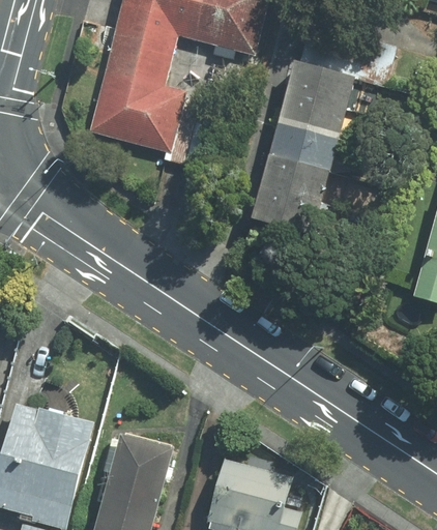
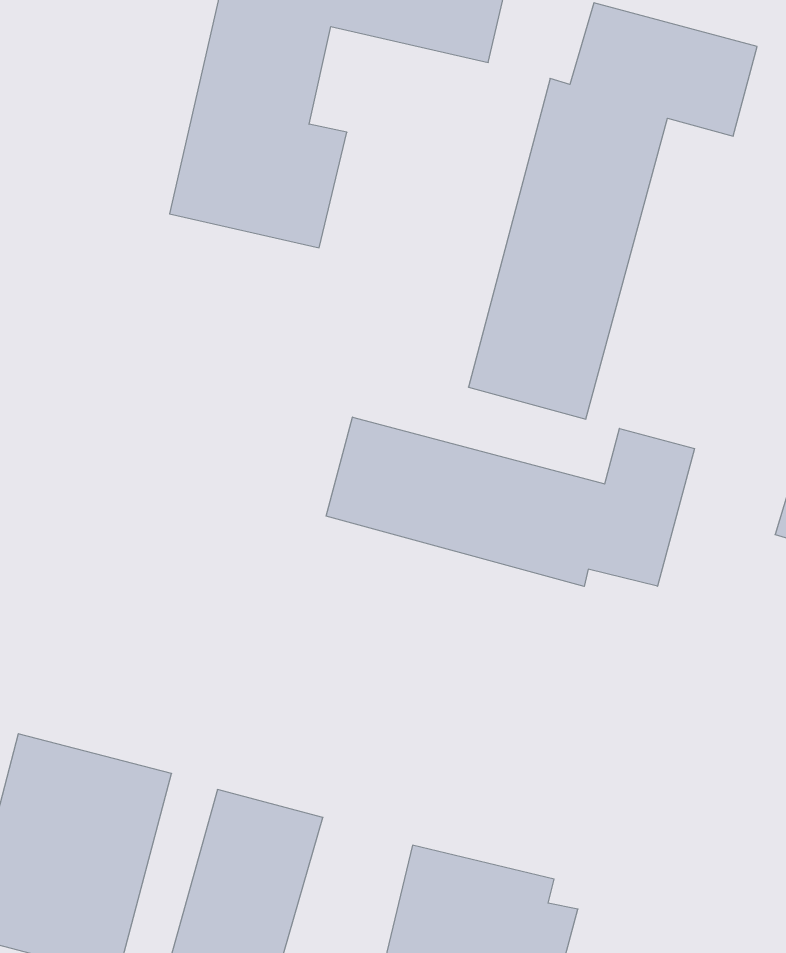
building: none -> [326,417,694,586]

